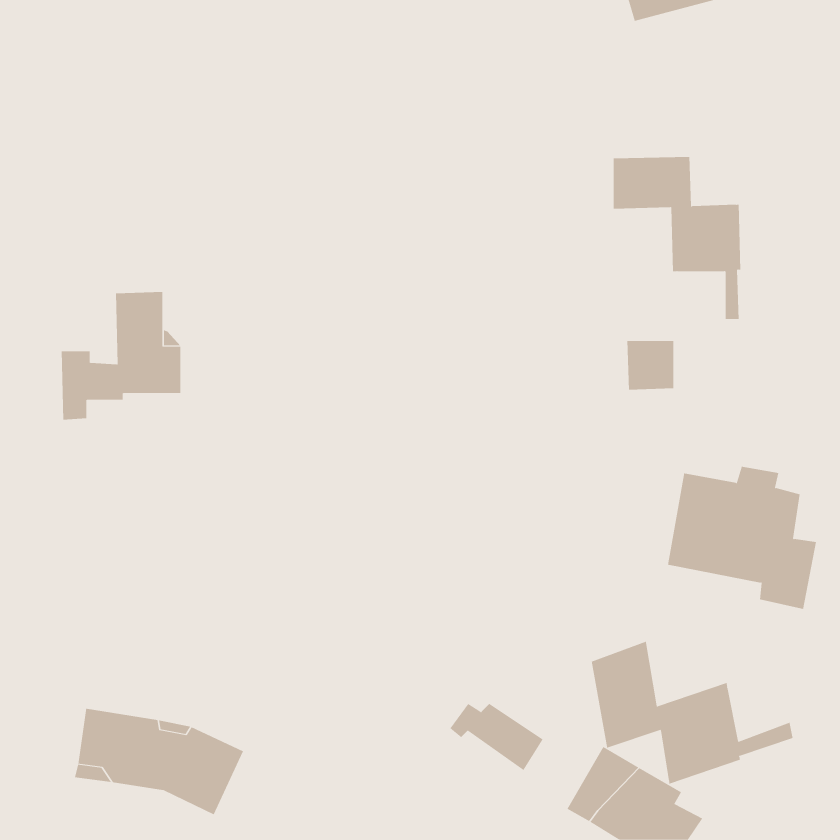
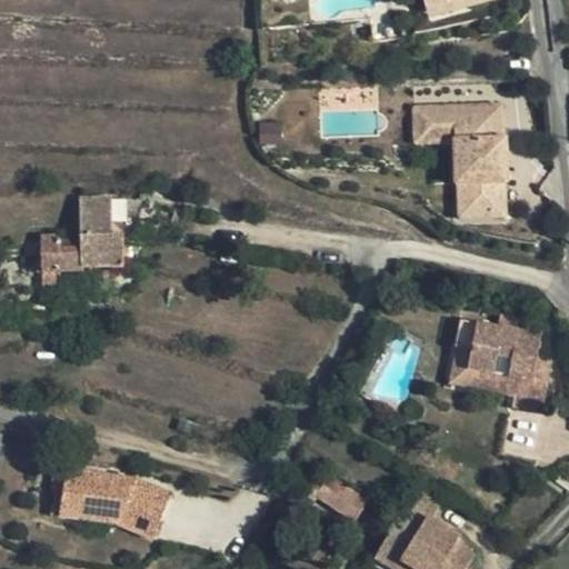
building: none -> [467,104,498,139]
building: [626,341,674,390] -> [458,183,490,217]
building: [591,641,793,785] -> none

